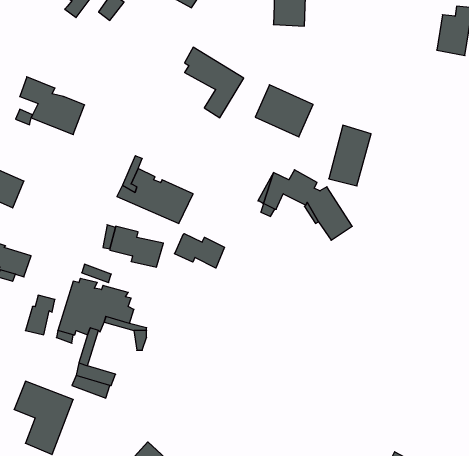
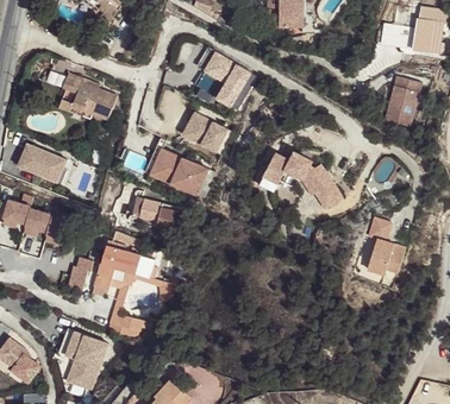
building: [255,85,313,137] -> [185,109,233,153]
building: [329,125,371,186] -> [383,76,419,127]
building: [174,234,225,268] -> none
building: none -> [368,214,406,271]

